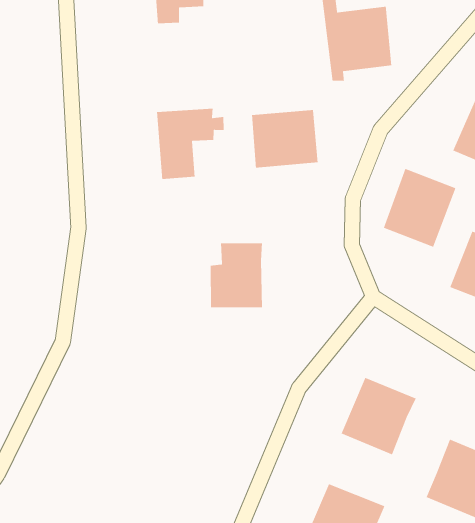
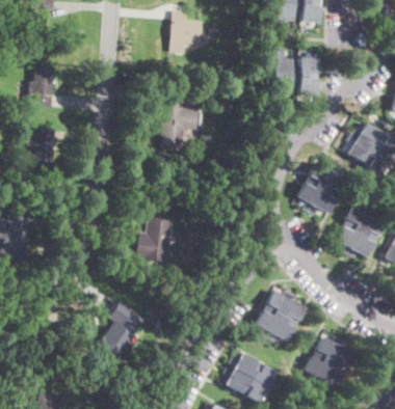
building: [251,109,319,168] -> none
building: [210,242,263,308] -> [136,218,175,263]
building: none -> [100,300,148,357]

